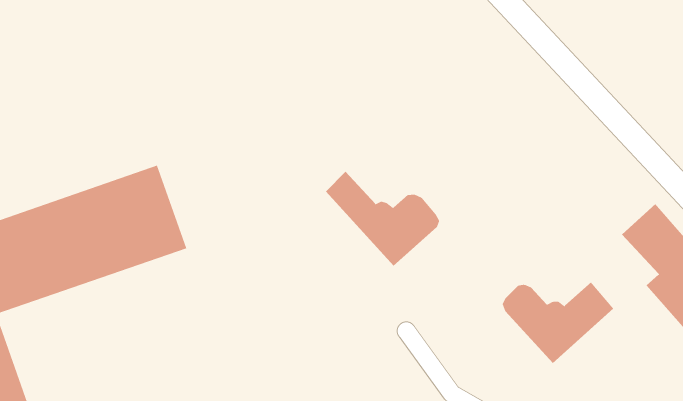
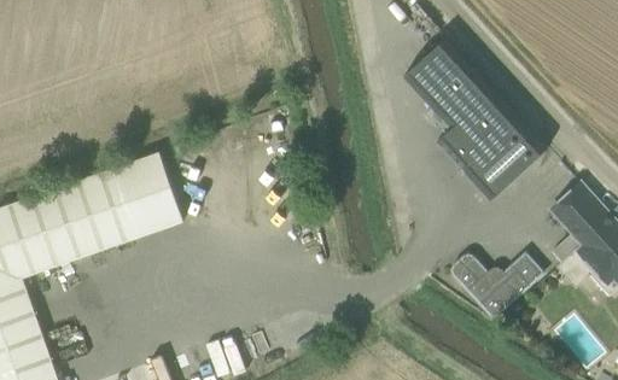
building: none -> [404,37,547,199]
building: [325,171,440,267] -> none

